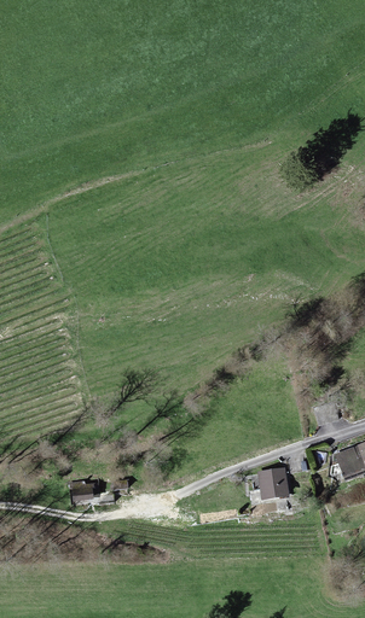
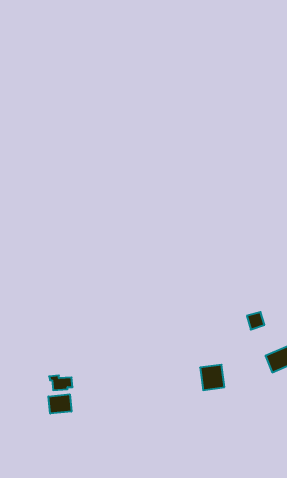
building: none -> [48,394,71,414]

